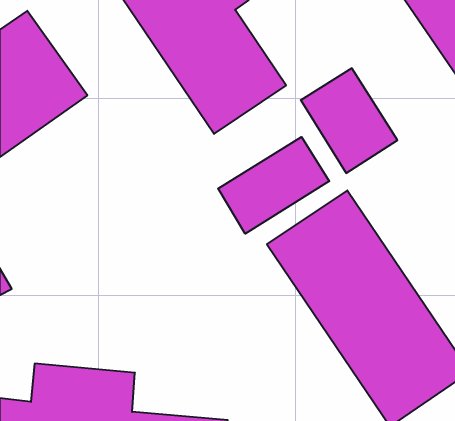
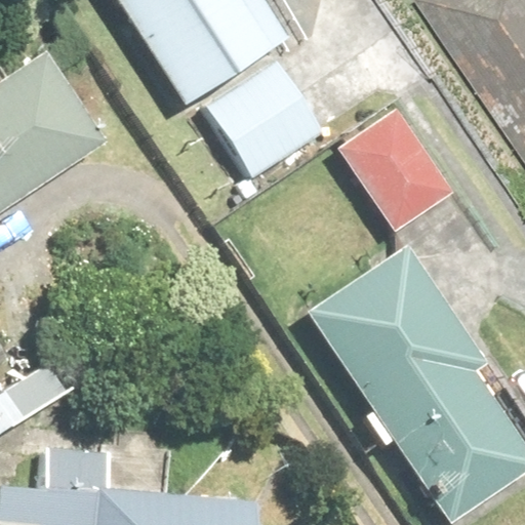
building: [218,137,329,234] -> none

